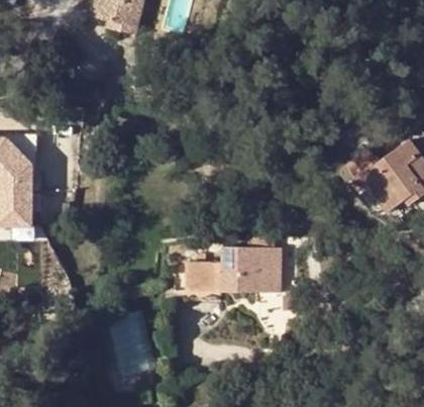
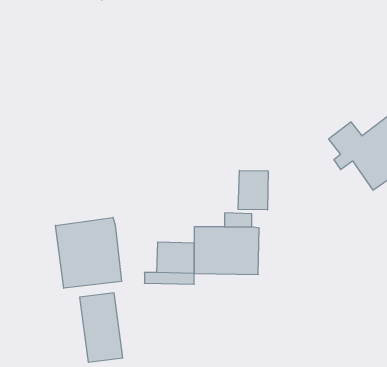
building: none -> [238,170,268,210]
building: none -> [55,217,121,288]

